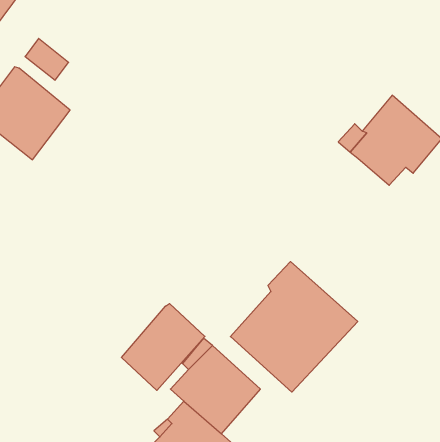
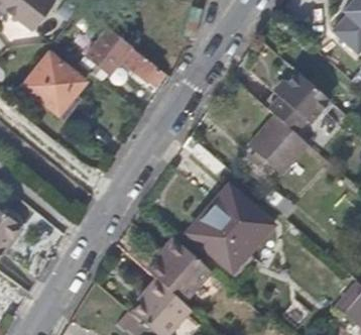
building: none -> [82,30,163,87]
building: none -> [249,114,312,177]
building: [121,304,205,390] -> none

